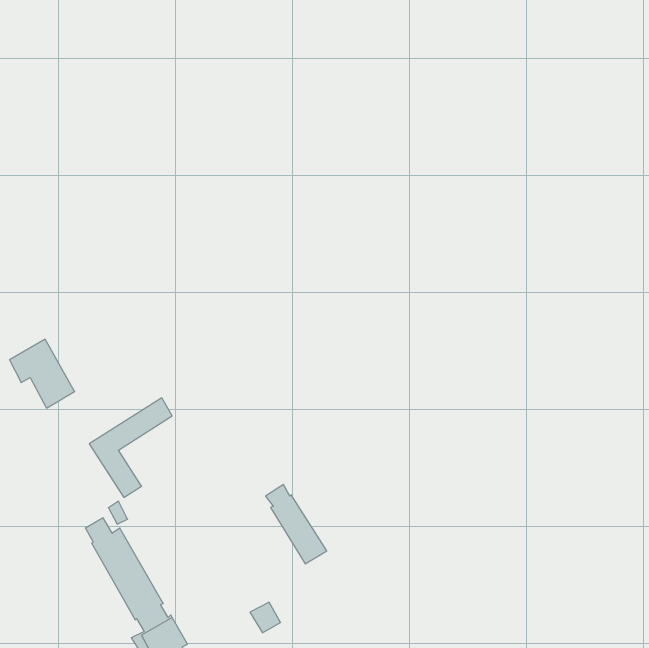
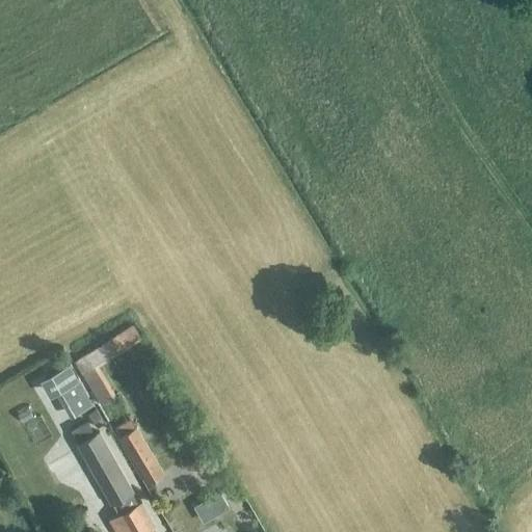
building: [10,339,75,408] -> [41,365,94,421]
building: [266,485,327,564] -> [115,422,165,486]

